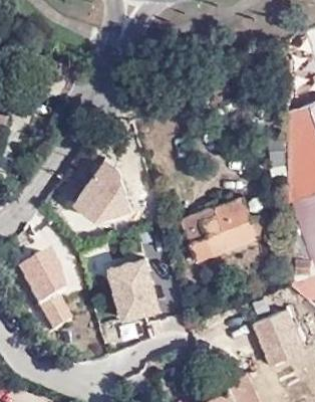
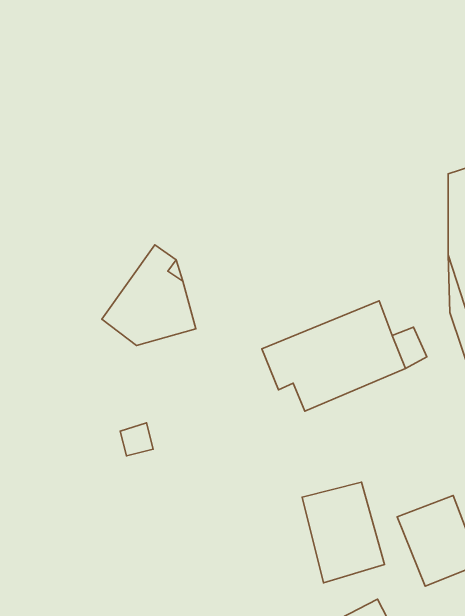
building: [20,252,72,329] -> none
building: [111,257,162,319] -> [302,482,385,583]

